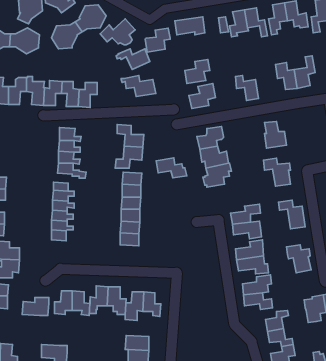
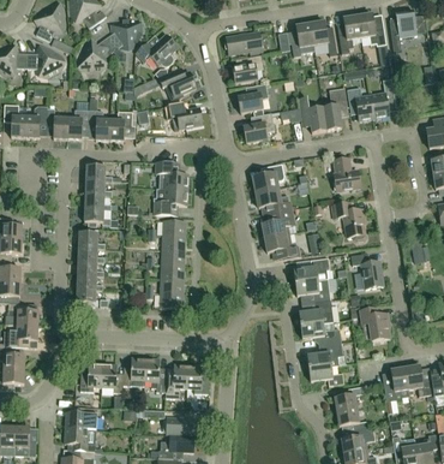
building: [145,28,170,52] -> [233,54,263,83]
building: none -> [323,87,348,130]
building: [156,158,187,178] -> [264,233,301,257]
building: [22,298,49,316] -> [65,406,97,428]

